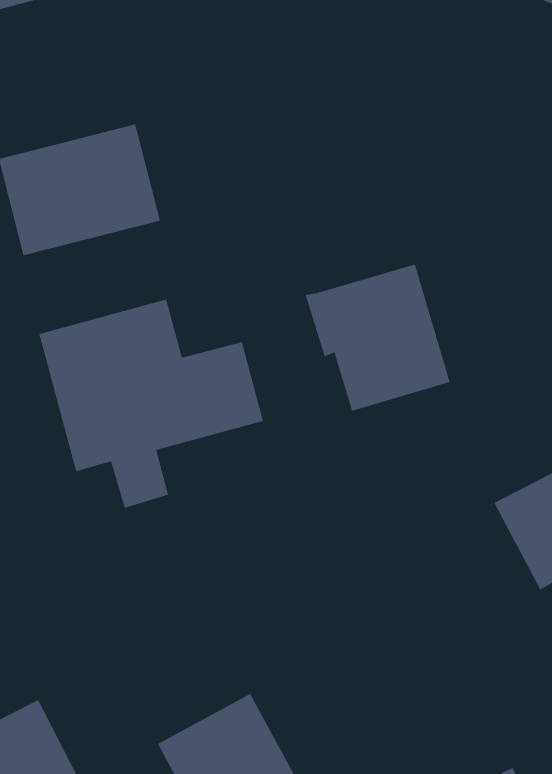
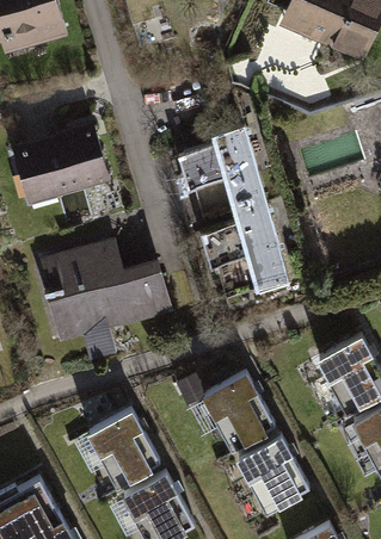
building: none -> [178,125,268,229]
building: none -> [197,371,272,446]
building: none -> [70,409,158,484]
building: none -> [241,438,311,512]

